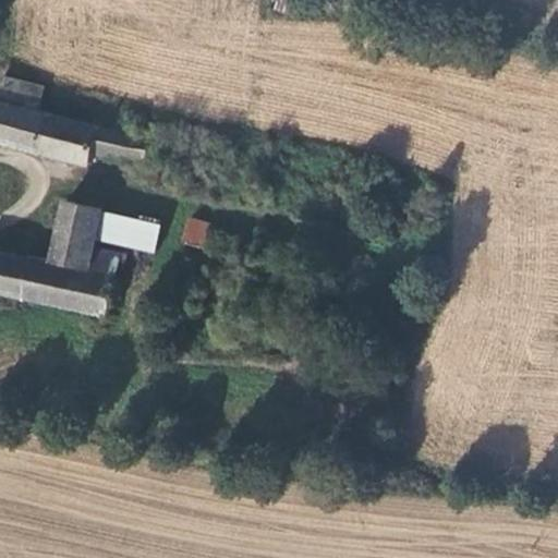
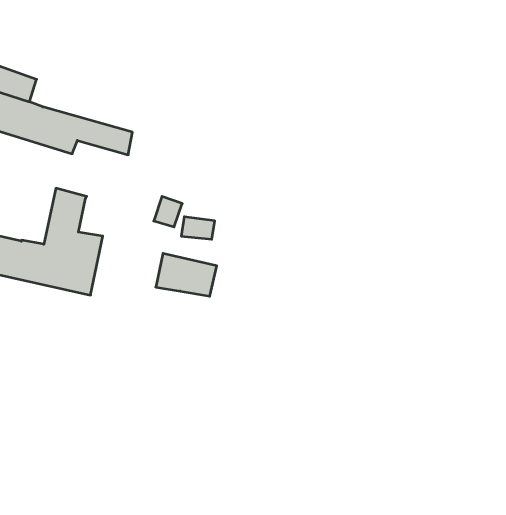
building: [84,213,149,258] -> [156,253,217,296]

